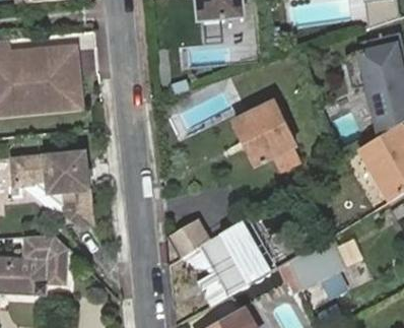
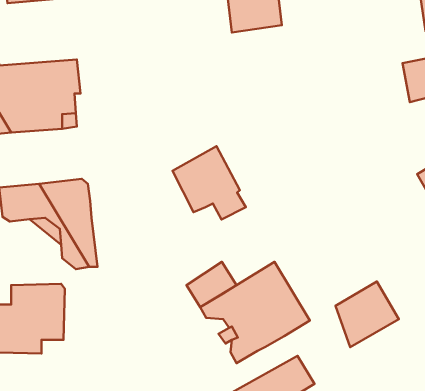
building: [237,101,297,161] -> [173,146,246,219]

